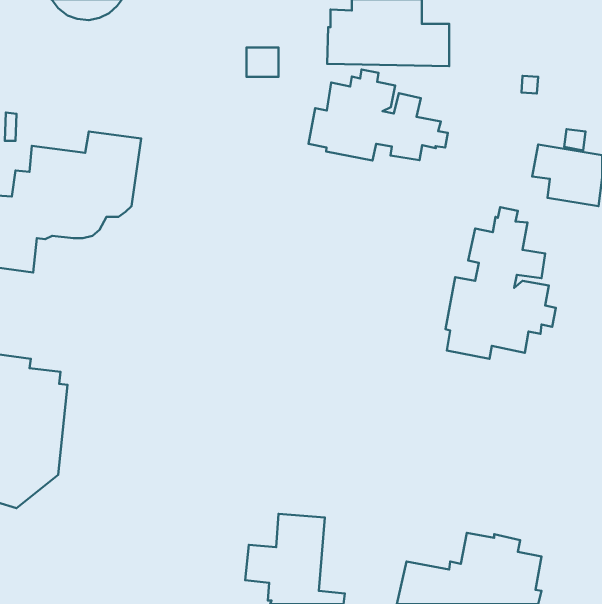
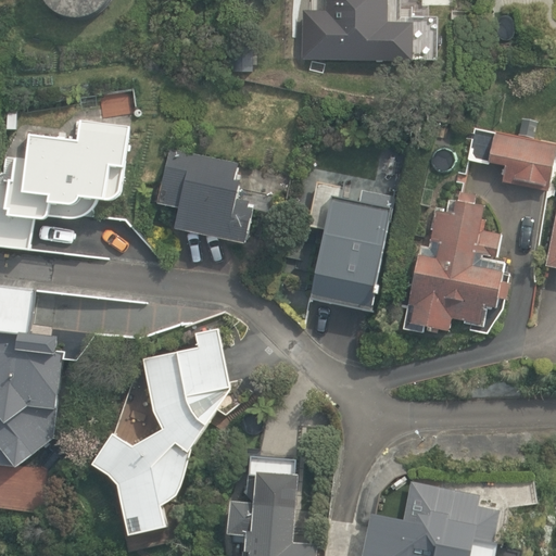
building: [309,70,448,160] -> none
building: none -> [156,147,252,242]
building: none -> [306,179,392,312]
building: none -> [91,327,229,535]

